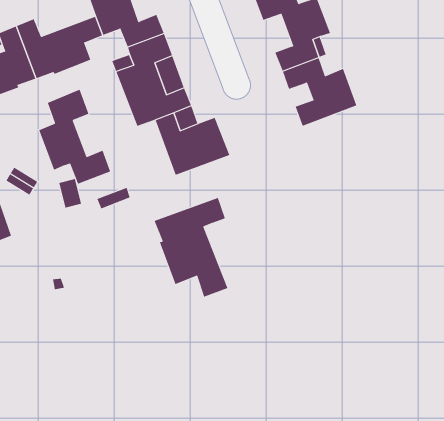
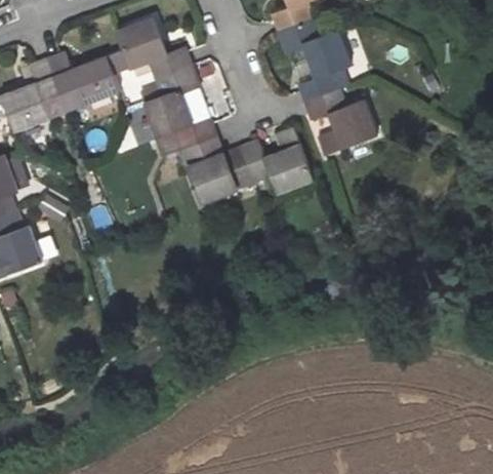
building: [39,89,111,184] -> none
building: none -> [240,126,314,194]
building: [154,197,228,298] -> none

